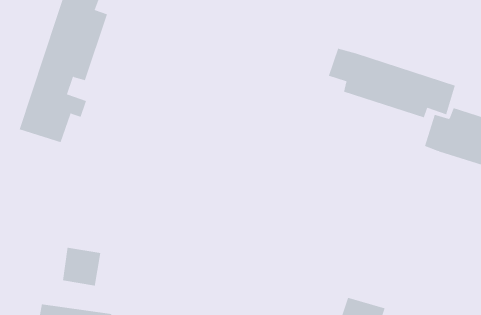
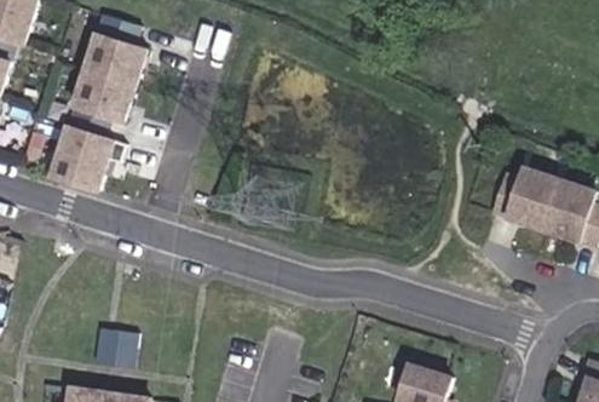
building: [328,48,455,118] -> none

